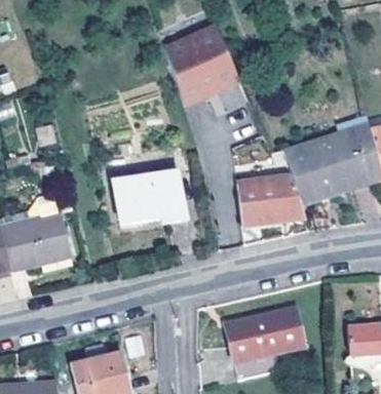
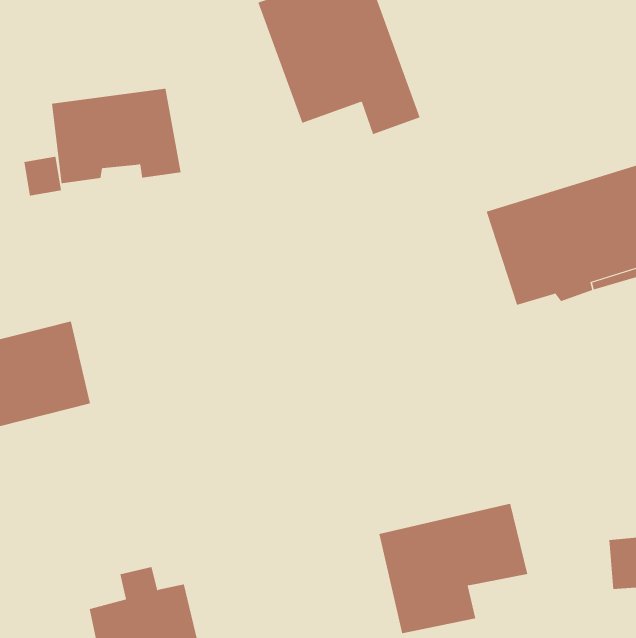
building: [236,152,304,225] -> none
building: [115,170,185,222] -> [51,88,182,184]

